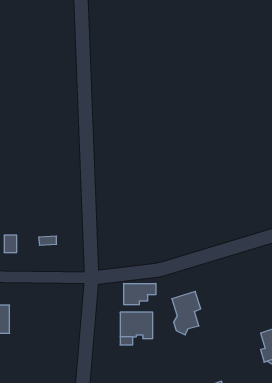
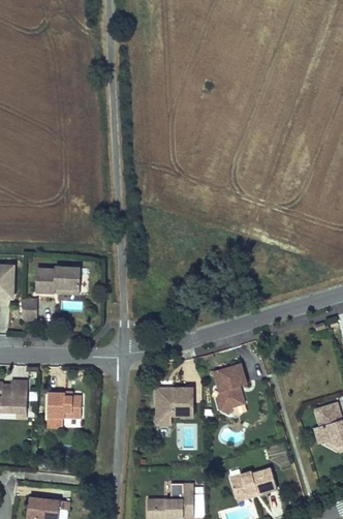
building: none -> [37,265,82,292]
building: [124,283,156,305] -> none
building: none -> [48,390,83,416]

